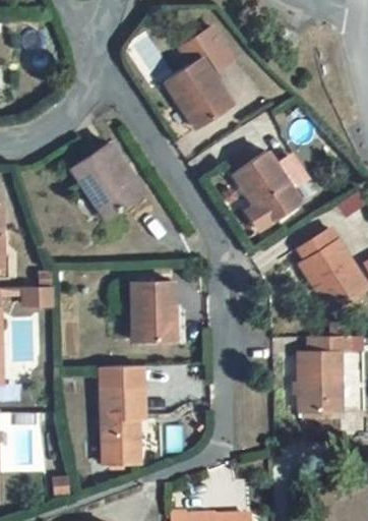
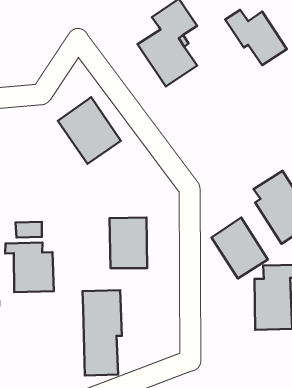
building: [227,153,298,217] -> [225,10,287,65]
building: none -> [212,218,268,278]
building: none -> [5,242,54,292]

